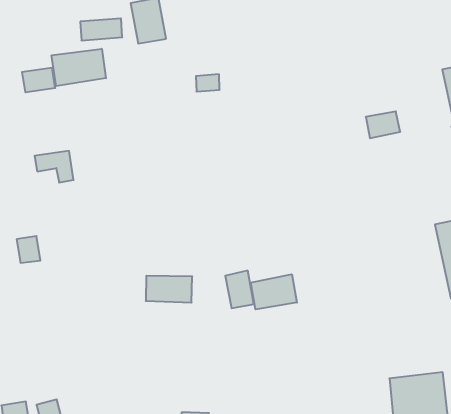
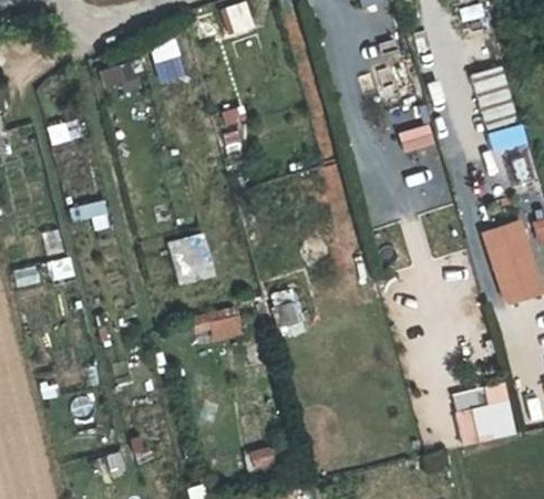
building: [52,49,106,86] -> none
building: none -> [166,231,217,285]
building: [251,274,297,309] -> none

